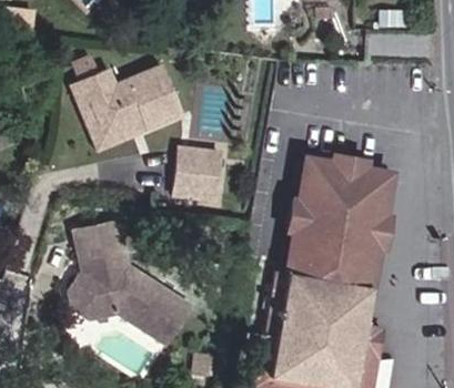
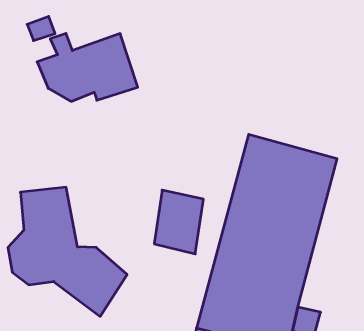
building: [75,73,151,152] -> none
building: [184,144,230,205] -> [154,190,203,254]

